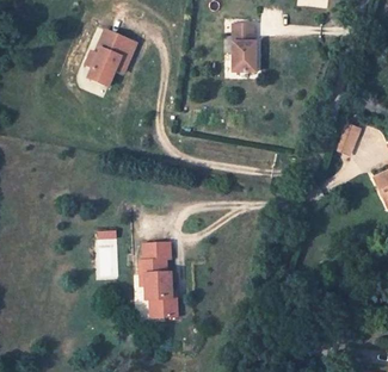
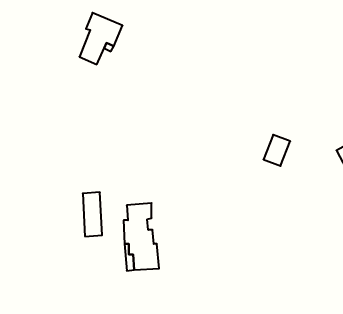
building: [232,24,254,72] -> none
building: [332,120,362,155] -> [263,135,290,166]

